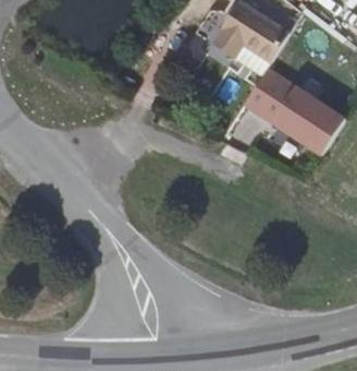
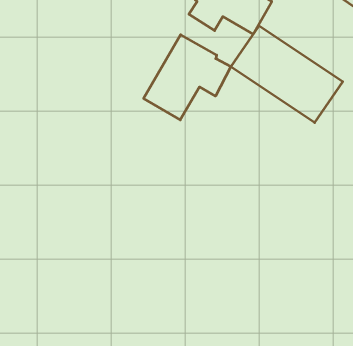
building: none -> [144,35,231,120]

